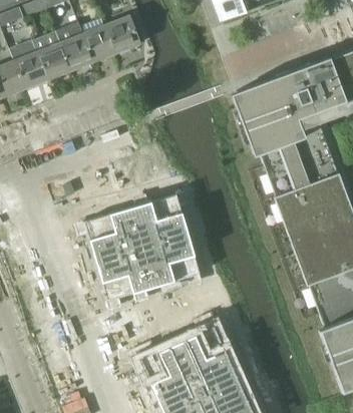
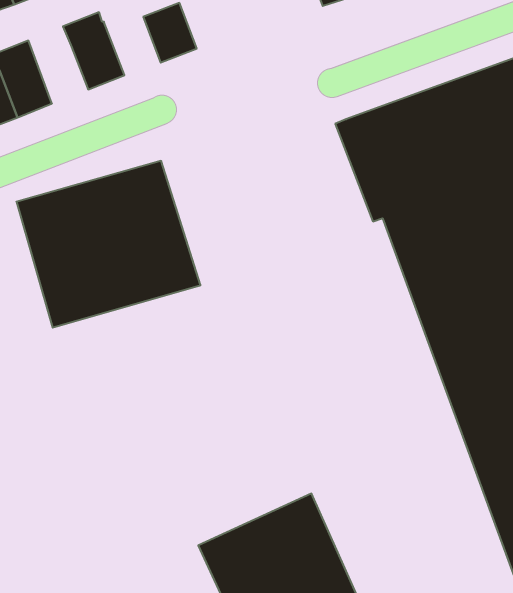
building: [82,20,118,62] -> none
building: [34,31,72,80] -> none
building: [84,194,202,301] -> [16,161,201,328]

